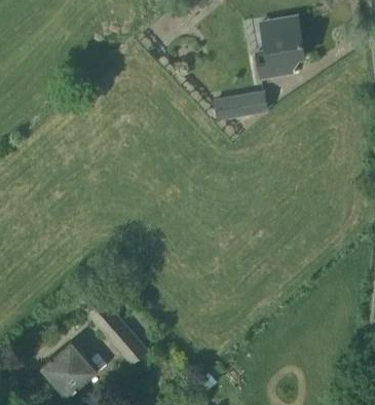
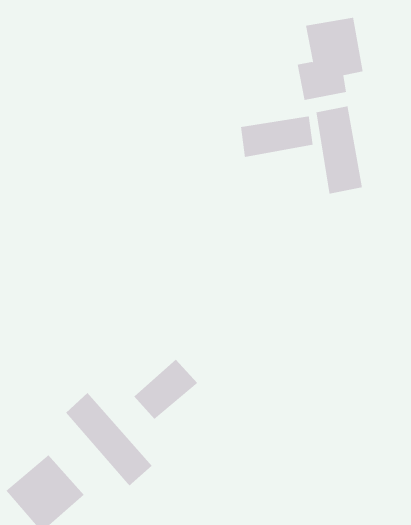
building: none -> [316,105,363,195]
building: none -> [133,359,198,420]

